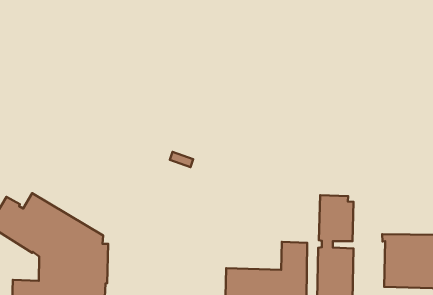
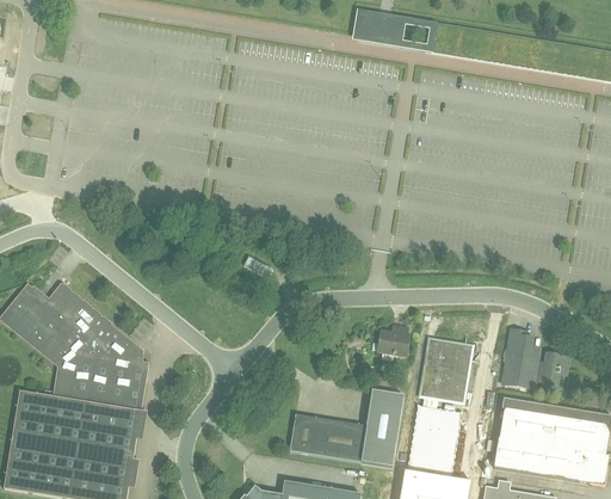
building: none -> [501,329,568,388]
building: none -> [377,325,408,356]

